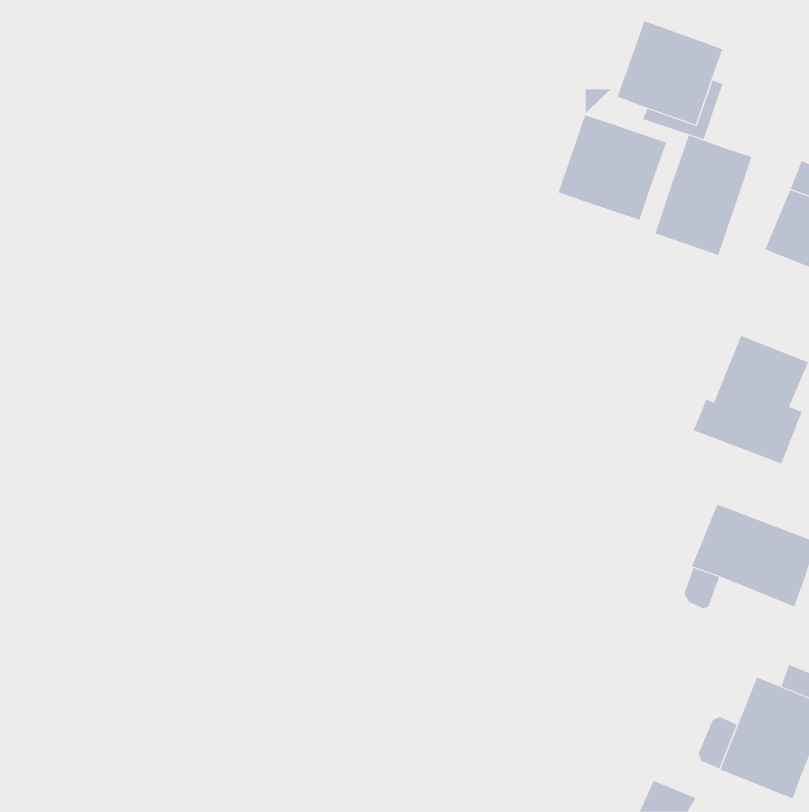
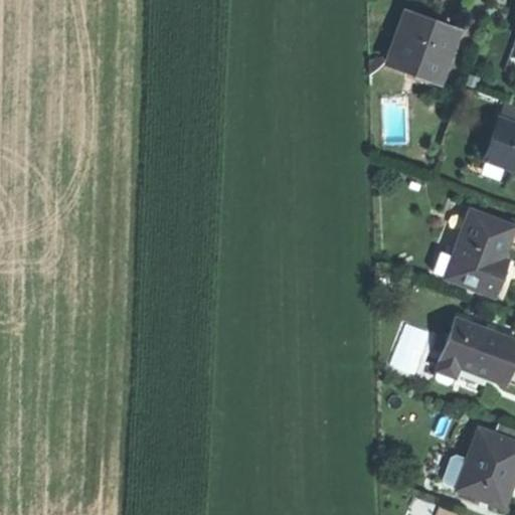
building: [558,114,667,220] -> none
building: [655,135,752,256] -> none

